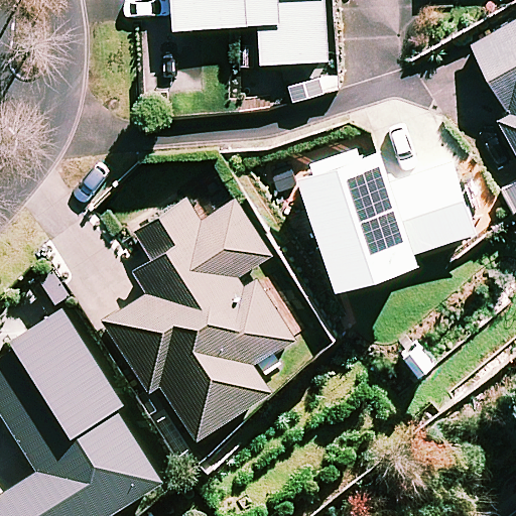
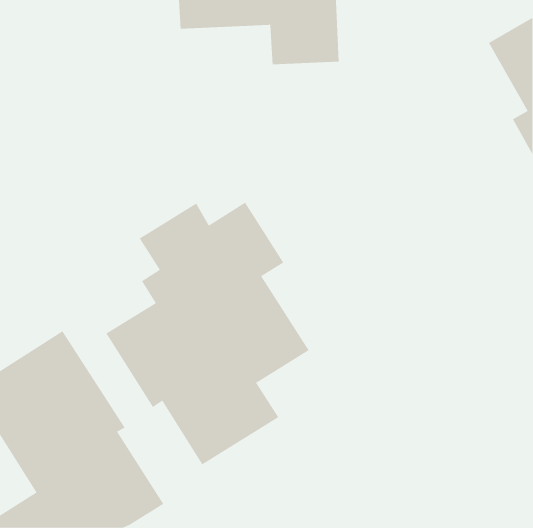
building: [304,153,476,293] -> none

